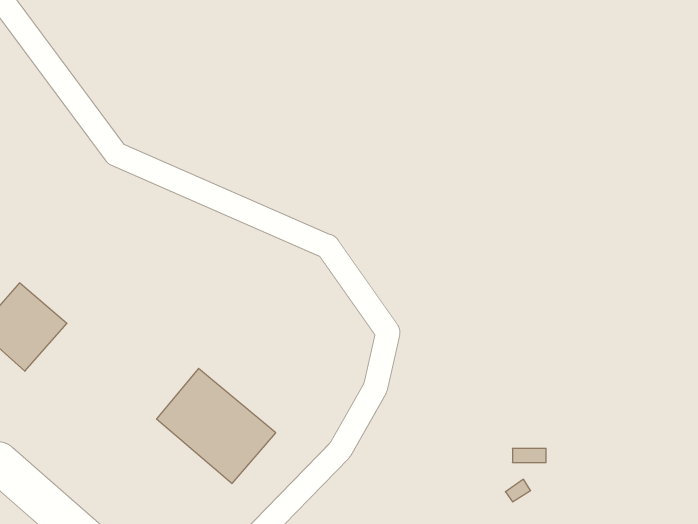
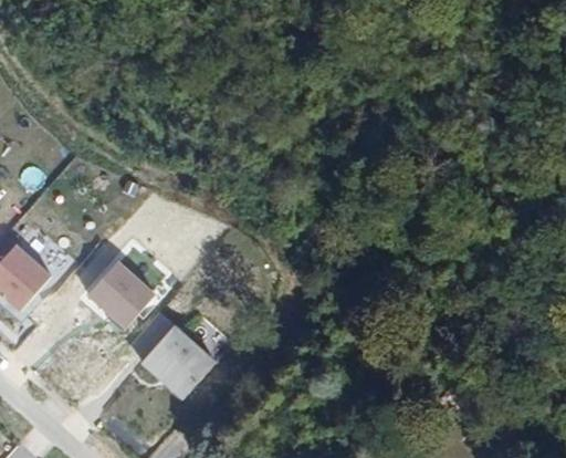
building: none -> [85,261,155,330]

